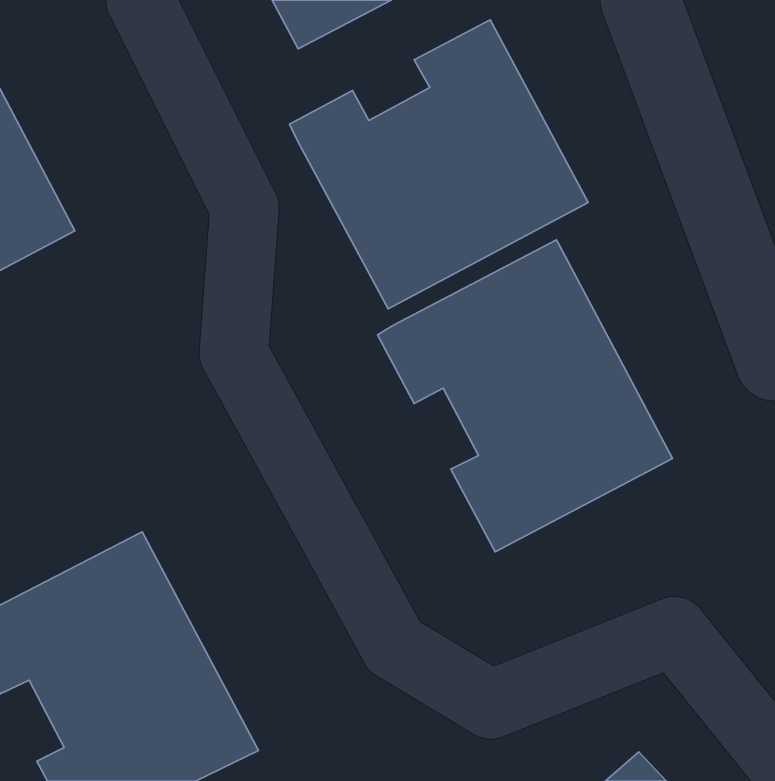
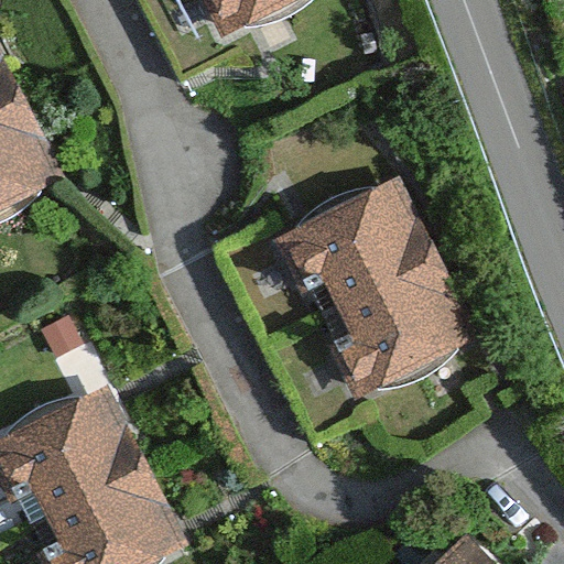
building: [290,20,588,309] -> none

